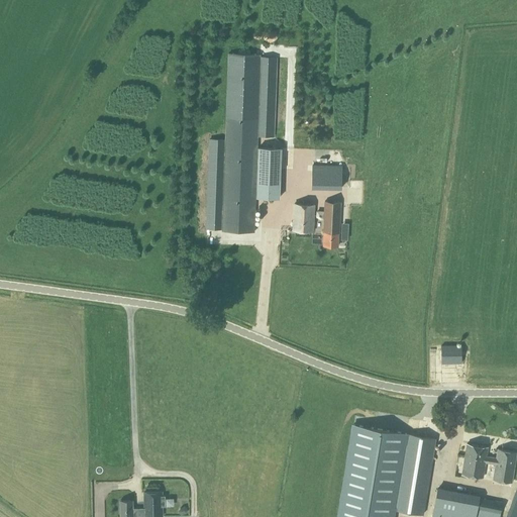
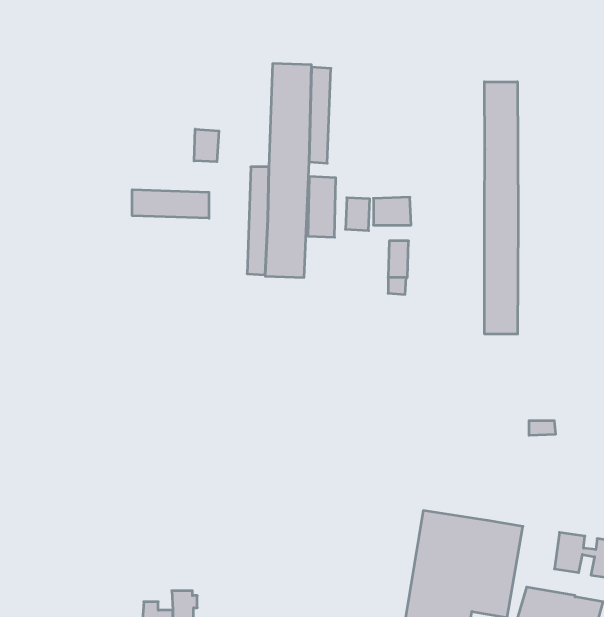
building: none -> [484,82,518,334]
building: none -> [194,129,219,162]
building: none -> [132,190,209,218]
building: [293,205,313,232] -> [345,198,370,231]

